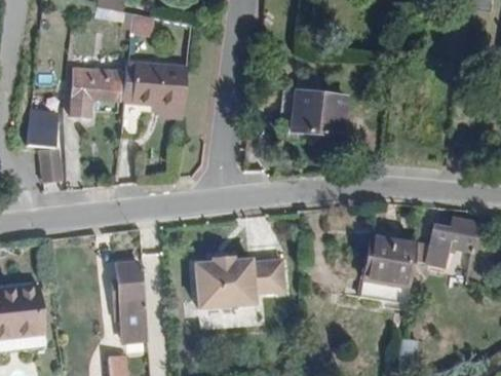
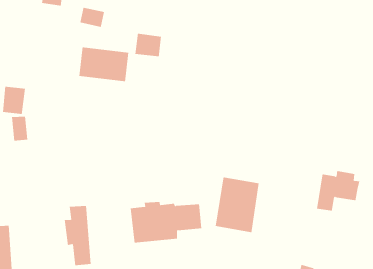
building: none -> [135,33,162,57]
building: [71,69,123,118] -> none
building: [293,90,354,134] -> none
building: [359,228,416,299] -> [215,177,260,233]

